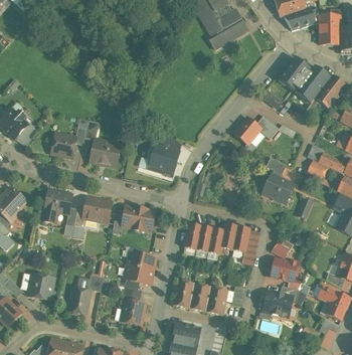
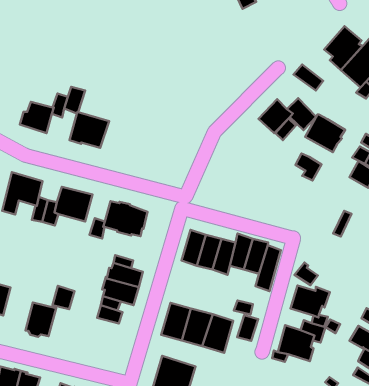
building: [140,136,191,177] -> none
building: [263,174,294,202] -> [305,114,345,152]
building: [122,299,145,324] -> none

